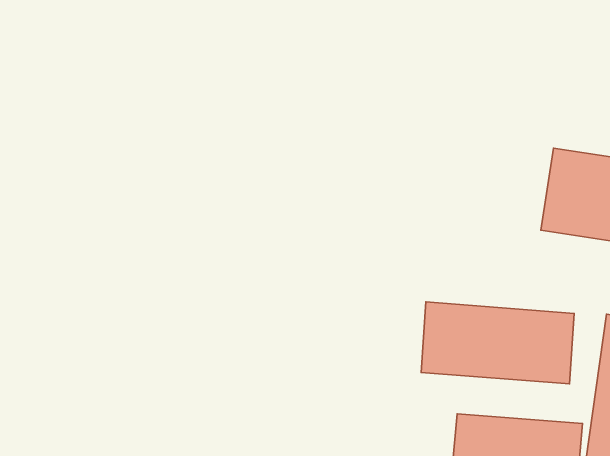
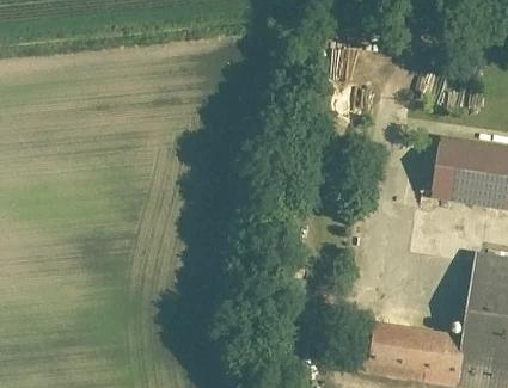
building: [421,302,574,384] -> none

